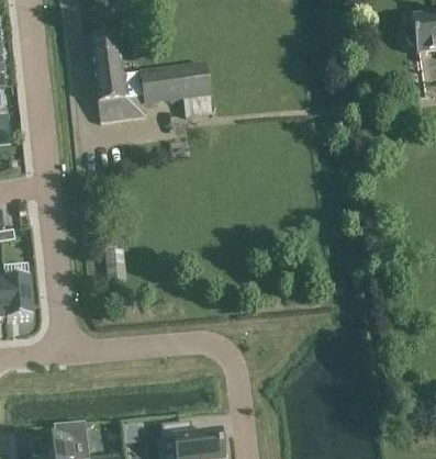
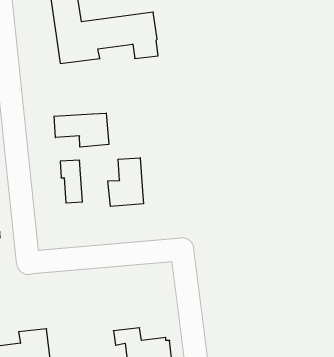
building: none -> [54,113,109,147]
building: none -> [108,158,143,206]

